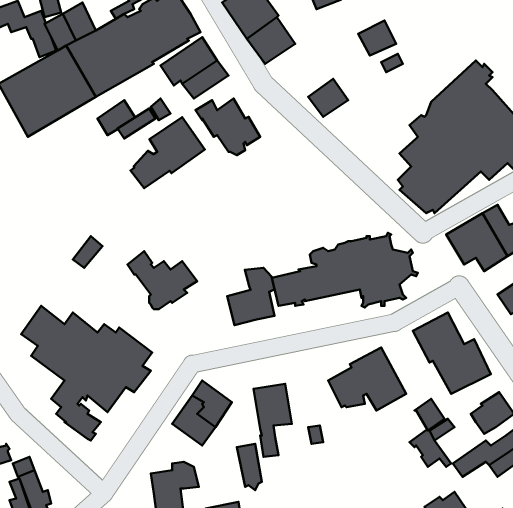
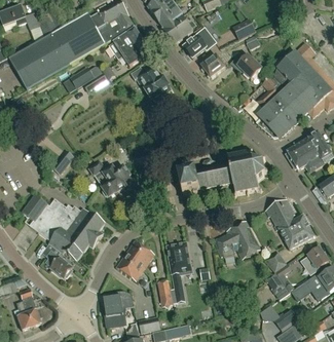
building: none -> [184,29,216,59]
building: none -> [231,53,263,80]
building: [131,117,205,188] -> none
building: [227,268,275,325] -> none

